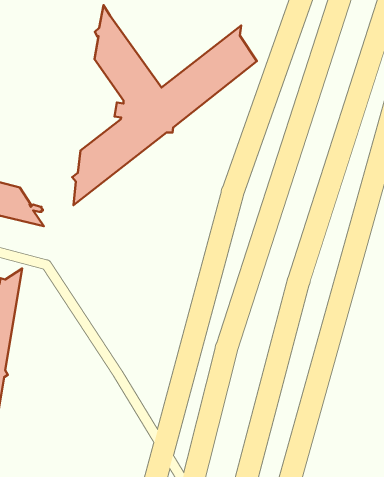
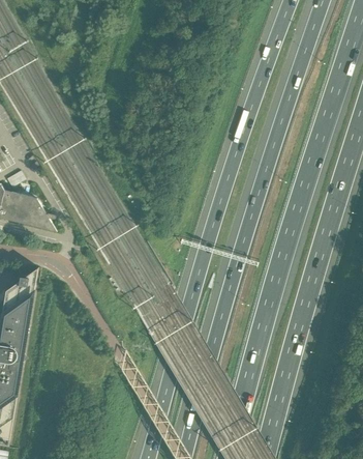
building: [72,5,257,205] -> none

